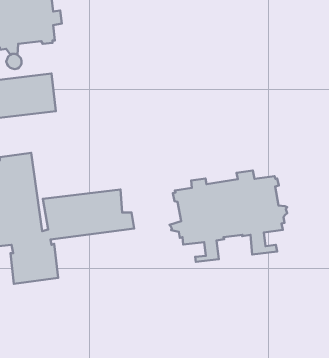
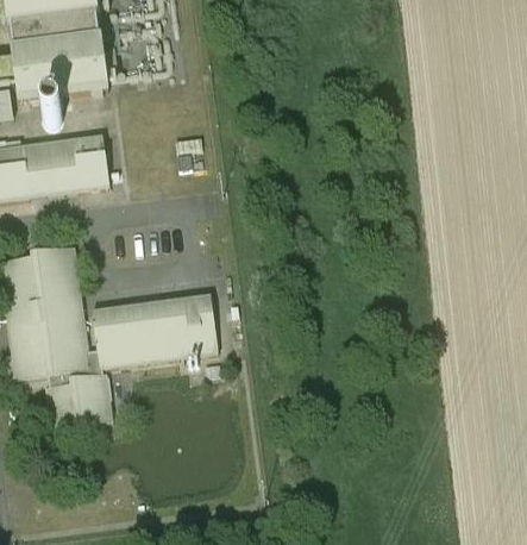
building: [169,170,287,262] -> none

